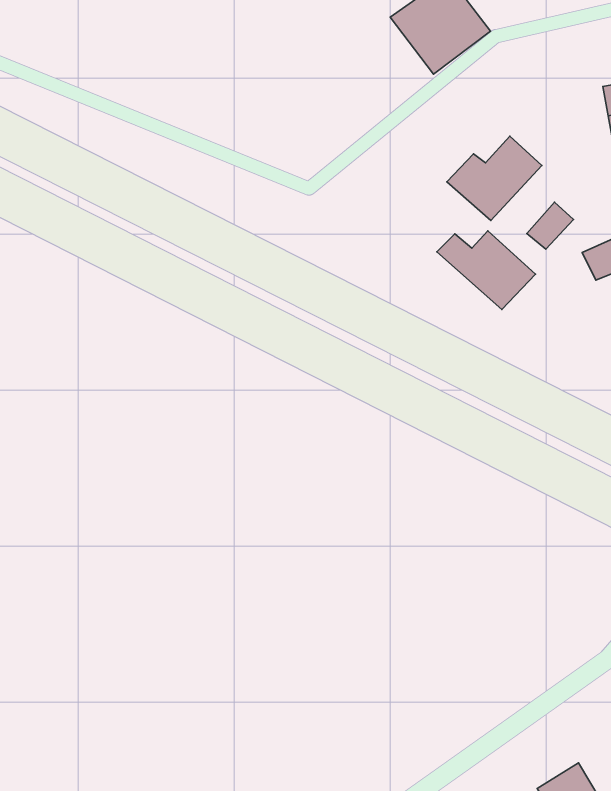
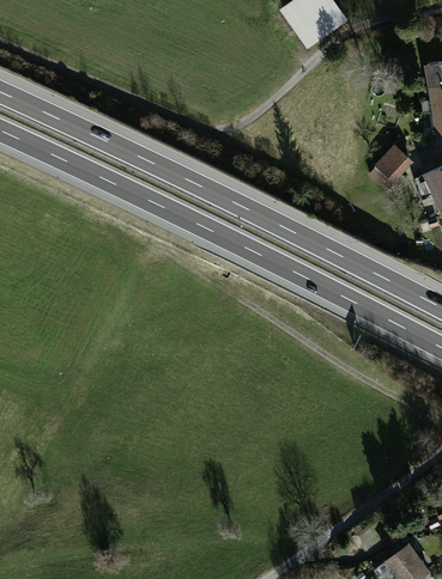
building: [447,136,542,220] -> none
building: [437,231,535,310] -> none

